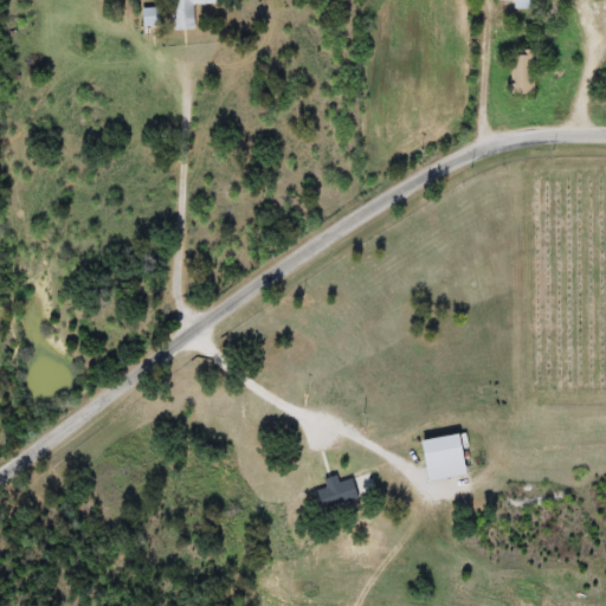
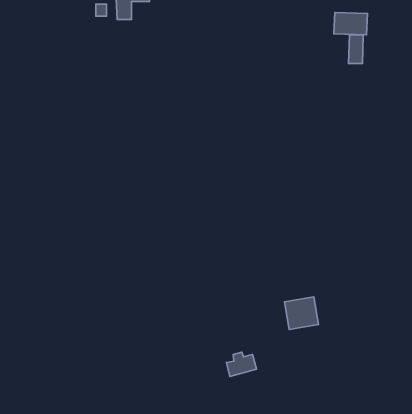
building: none -> [334,13,368,35]
building: [316,473,360,509] -> [227,352,257,376]

